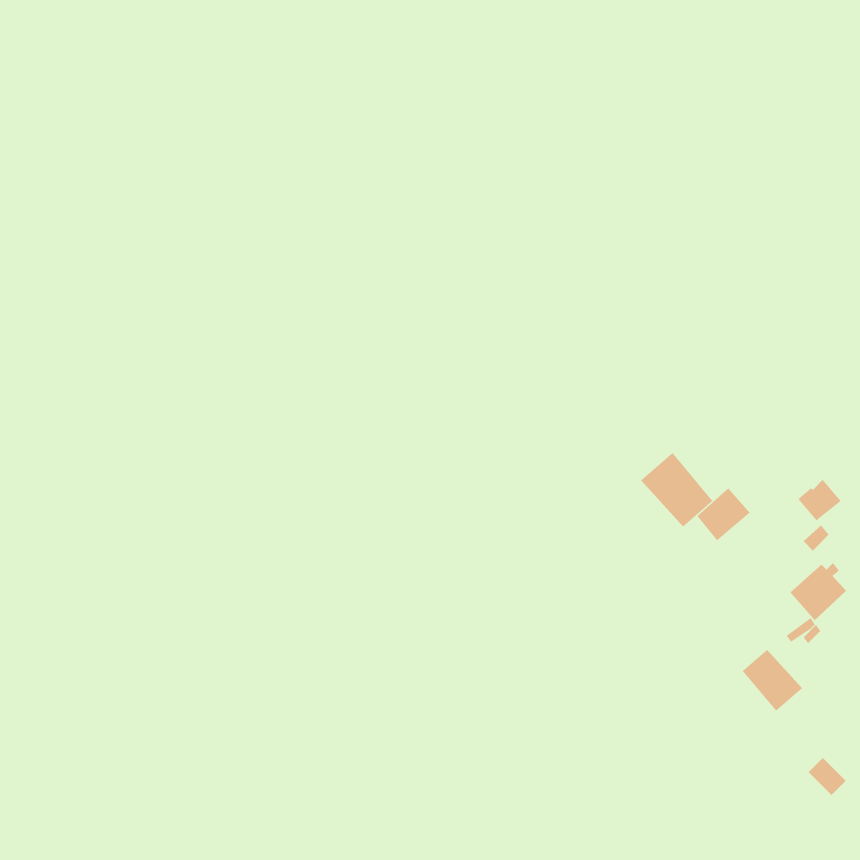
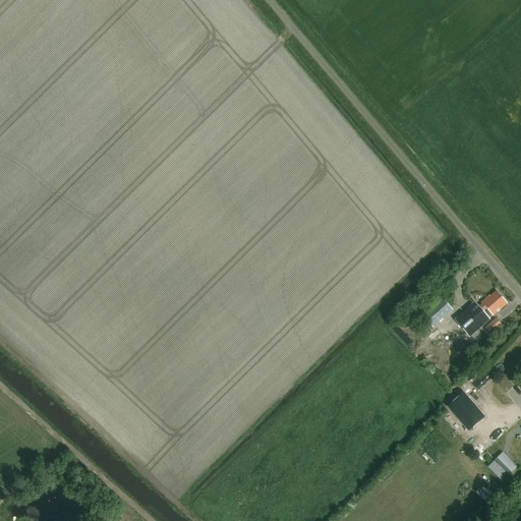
building: [640,452,713,527] -> none
building: [789,562,847,621] -> [456,301,490,337]

